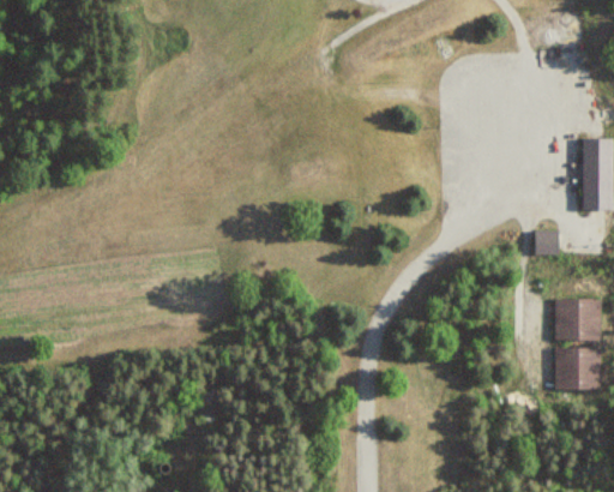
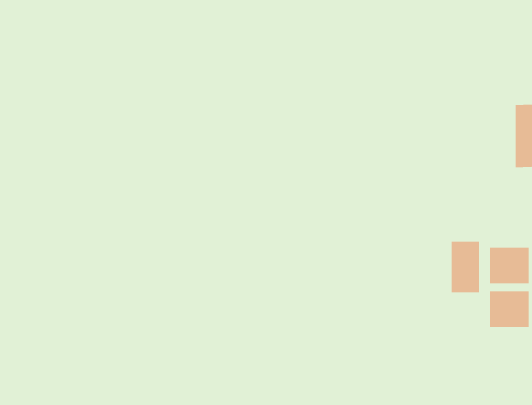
building: [537,230,559,254] -> none
building: none -> [451,241,480,293]

